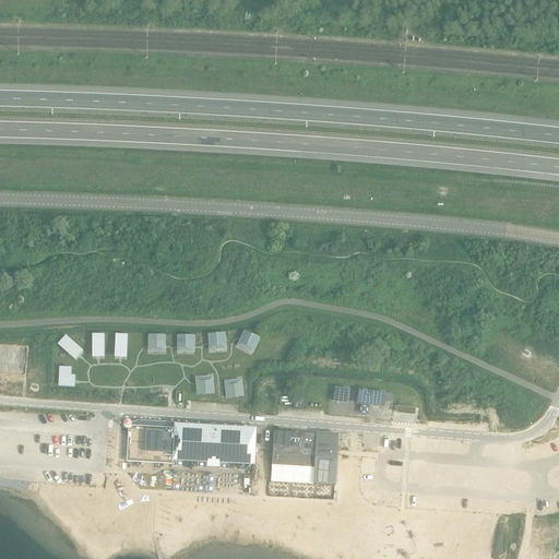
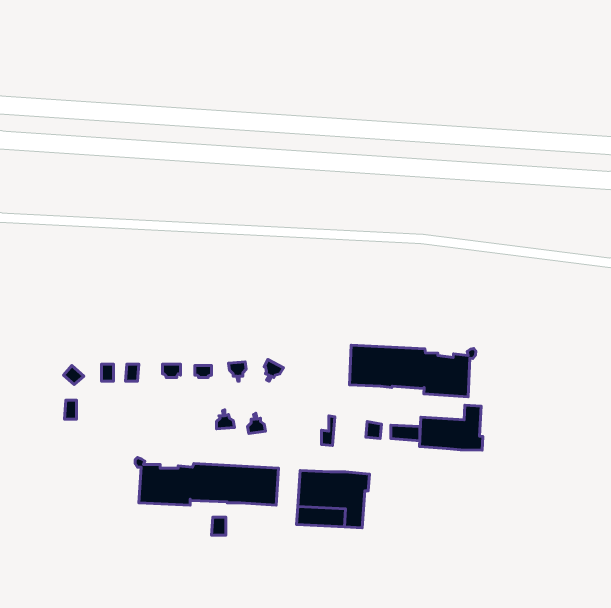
building: none -> [349,345,476,397]
building: none -> [419,405,483,450]

